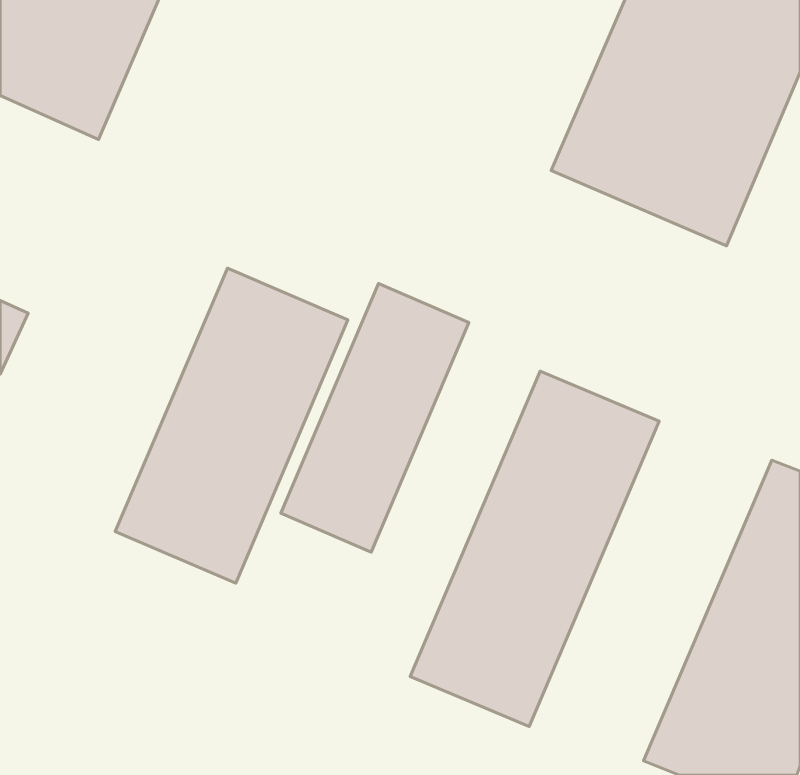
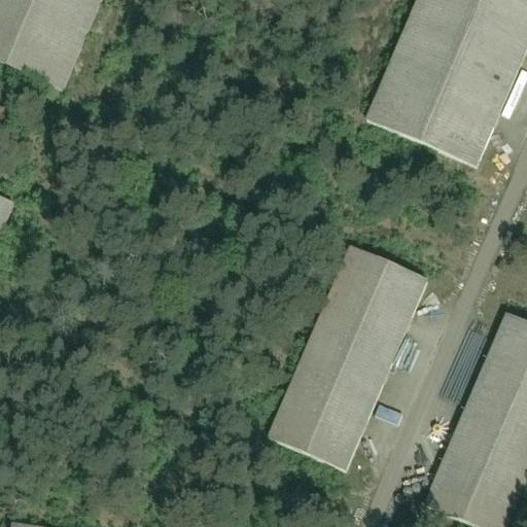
building: [115,268,348,583] -> none
building: [281,284,469,552] -> none

